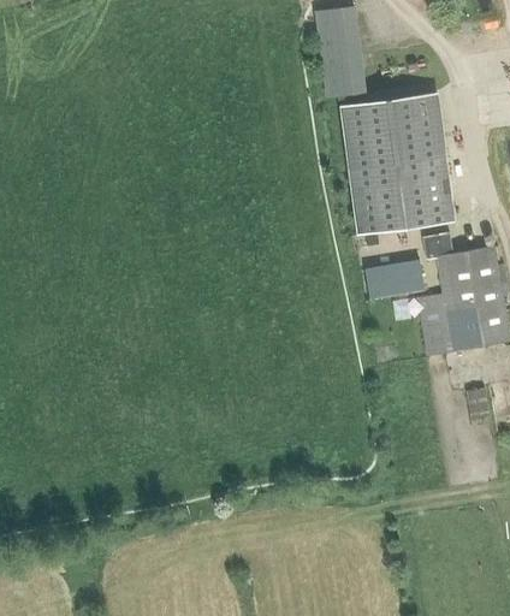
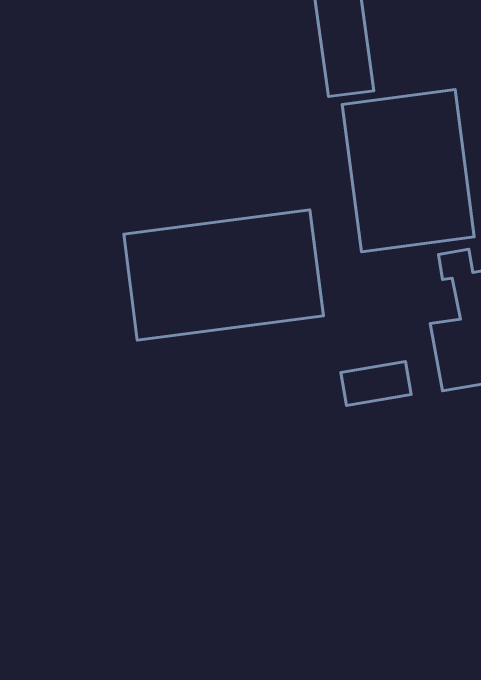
building: none -> [124,210,323,340]
building: [354,262,415,301] -> [341,361,411,405]

